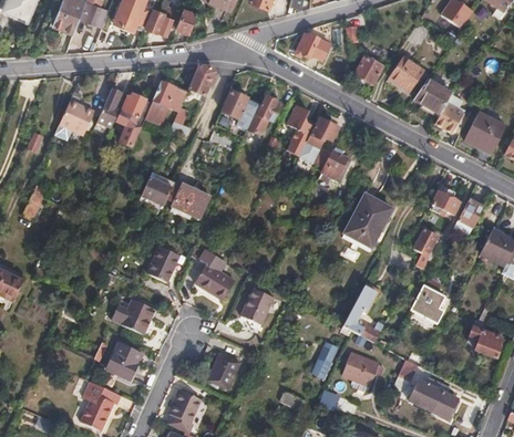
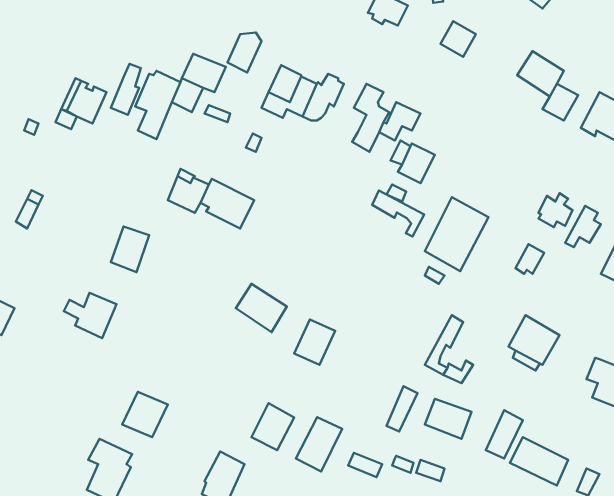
building: [390,61,423,92] -> none
building: none -> [372,190,424,236]
building: [148,249,178,284] -> [111,227,149,272]
building: [112,301,153,336] -> [64,293,116,338]
building: none -> [296,417,342,471]

